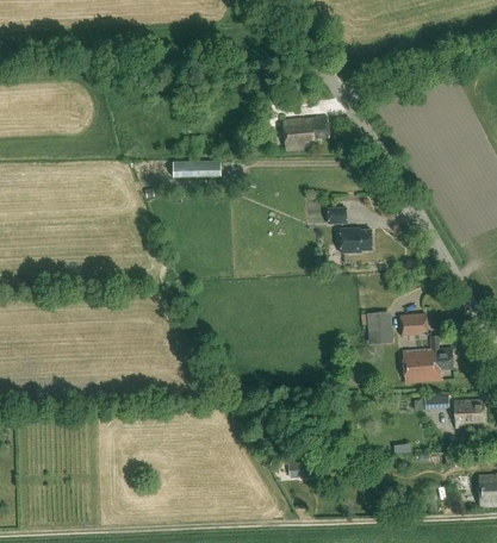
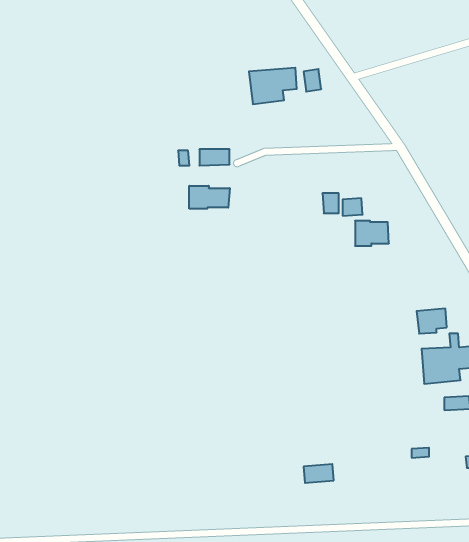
building: [282,117,328,151] -> [249,68,297,104]
building: none -> [189,186,230,209]
building: [360,310,391,344] -> none

